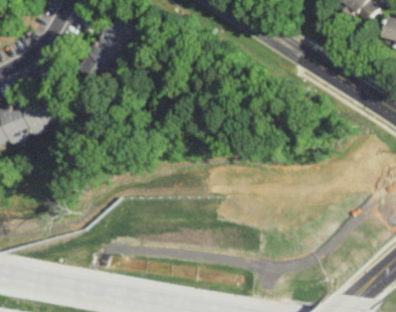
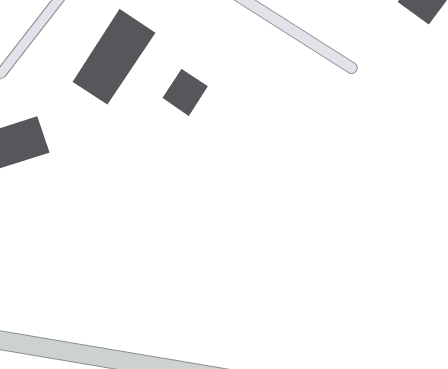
building: none -> [161,68,209,117]

